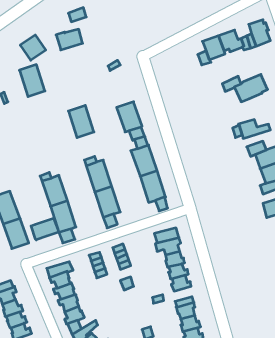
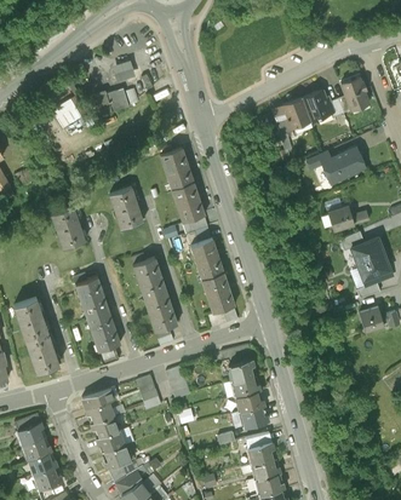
building: [19,65,45,97] -> [51,206,84,247]
building: none -> [160,148,193,189]
building: [31,218,59,240] -> none

